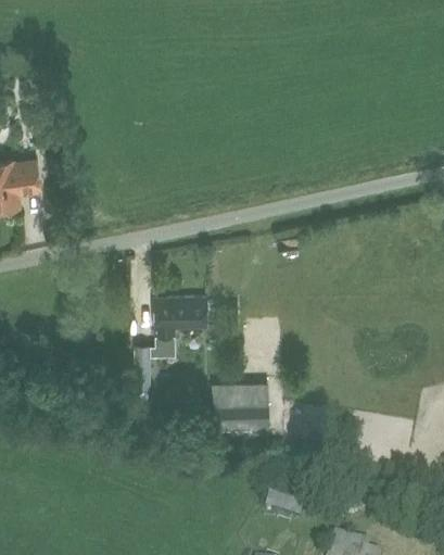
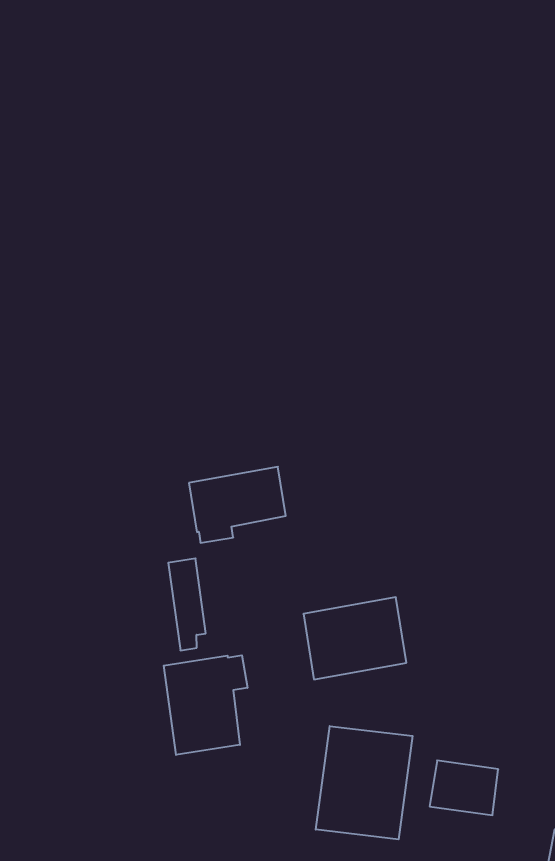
building: none -> [164,655,247,755]
building: none -> [316,726,413,839]

